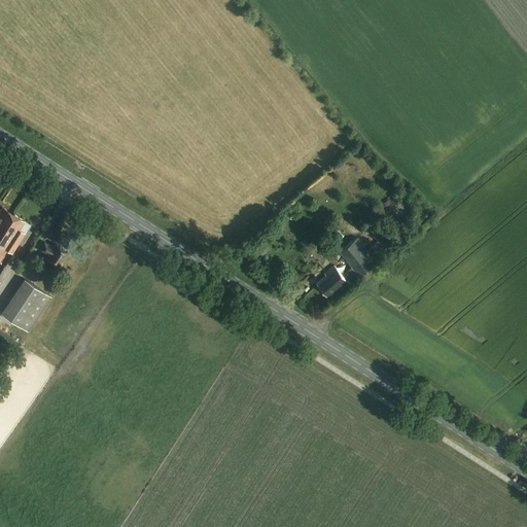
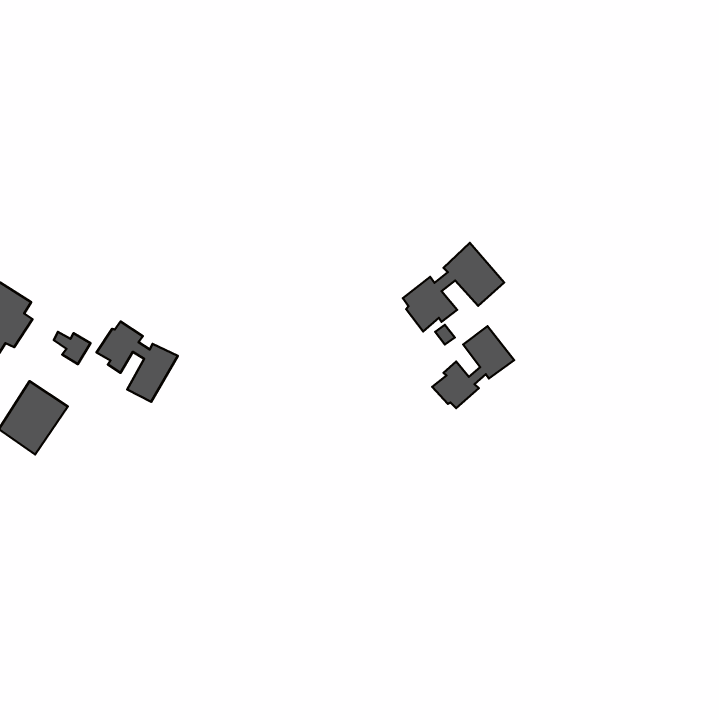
building: none -> [403,243,504,331]
building: none -> [97,321,178,402]

